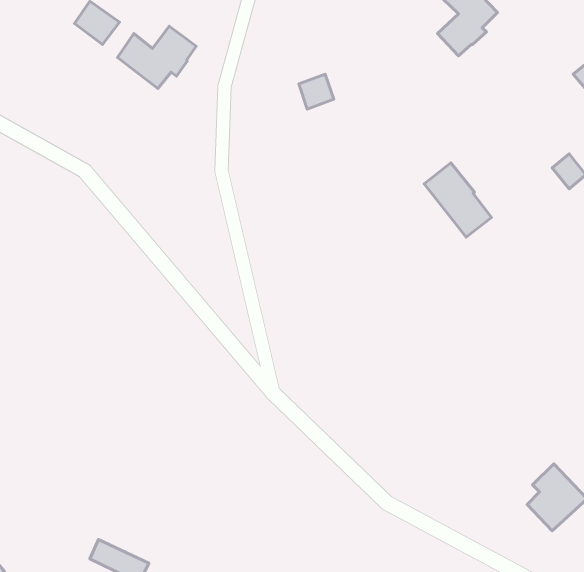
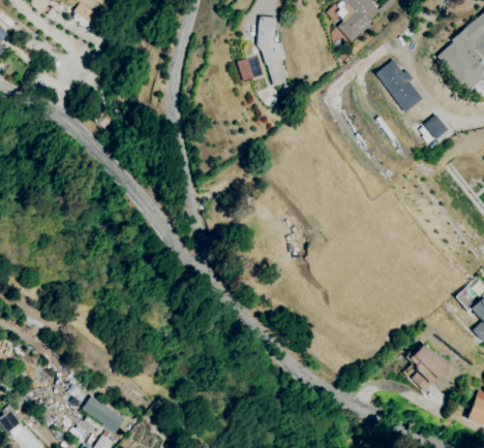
building: none -> [258,15,288,86]
building: [117,26,196,89] -> none
building: [424,163,491,237] -> [372,58,422,113]

